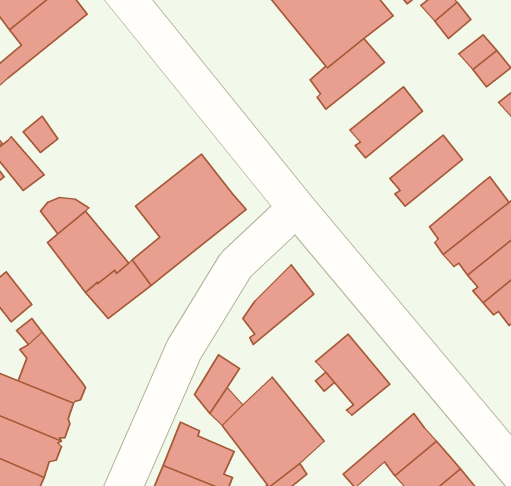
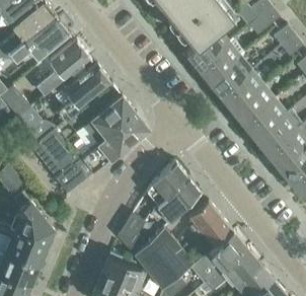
building: none -> [9,14,71,60]
building: none -> [196,40,245,82]
building: none -> [45,41,92,91]
building: none -> [56,65,112,120]
building: none -> [219,71,264,110]
building: none -> [242,99,287,139]
building: none -> [151,178,202,221]
building: none -> [198,233,247,284]

